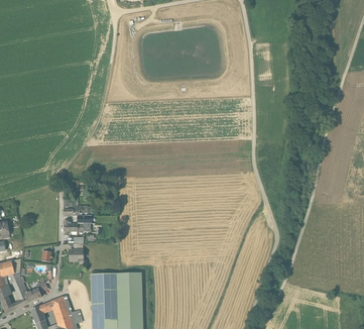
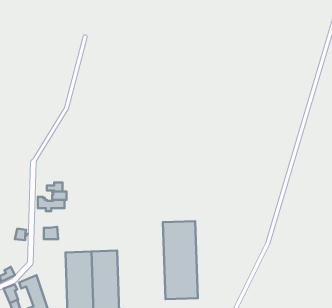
building: none -> [163,221,198,299]

